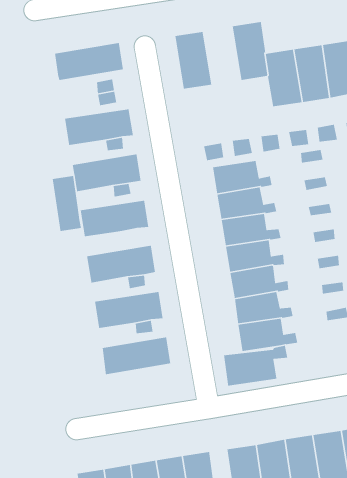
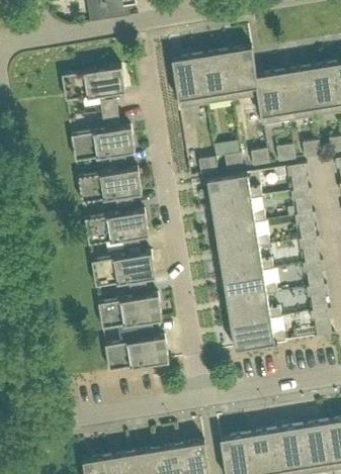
building: none -> [197,51,232,105]
building: [52,175,82,232] -> none
building: [223,345,288,387] -> none

